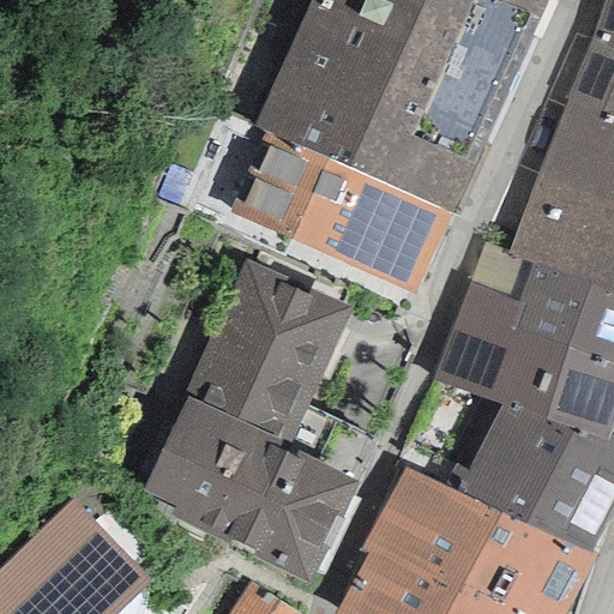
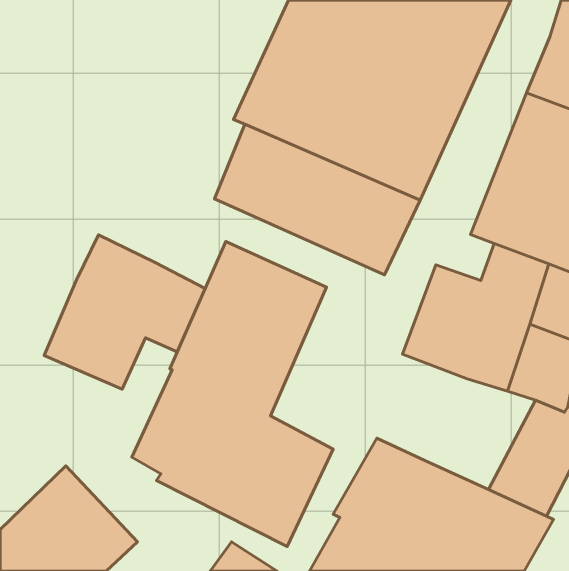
building: none -> [44,235,205,389]
building: [458,407,577,525] -> none

